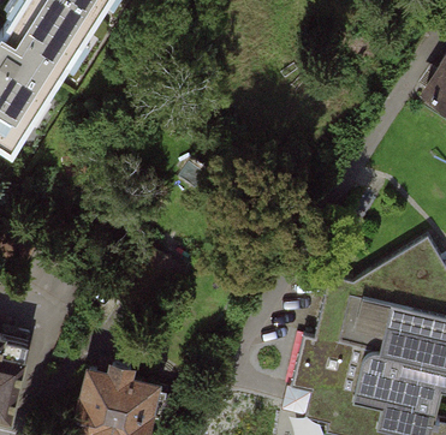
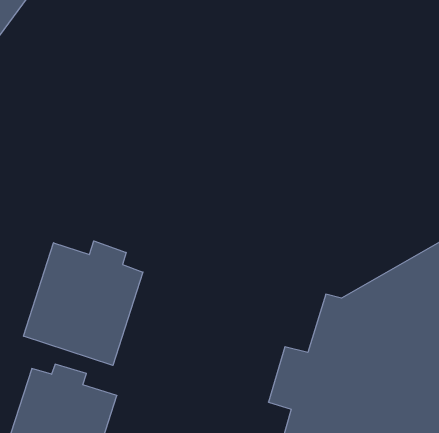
building: none -> [24,241,143,365]

